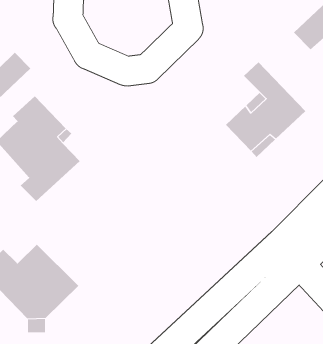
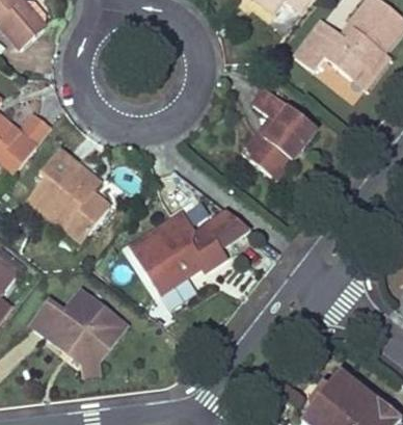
building: none -> [134,210,250,306]

